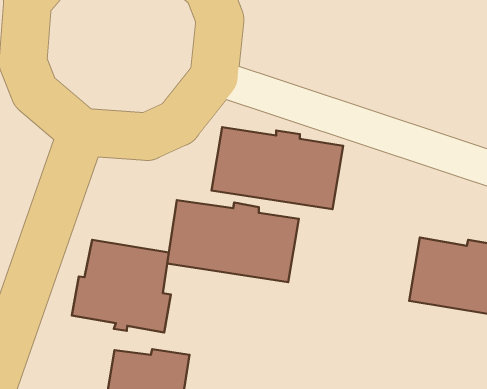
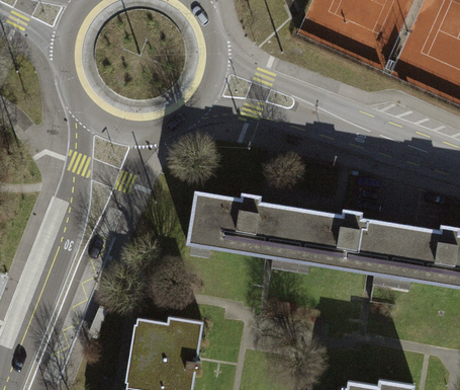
building: [212,127,343,209] -> [286,208,399,279]
building: [72,240,171,332] -> none

